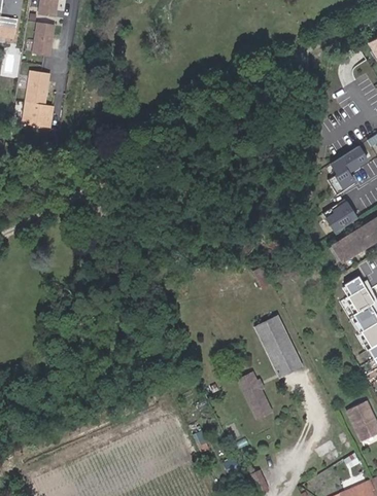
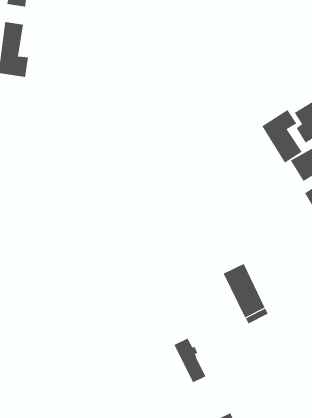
building: none -> [262,109,302,163]
building: [237,371,270,418] -> [174,338,206,384]

